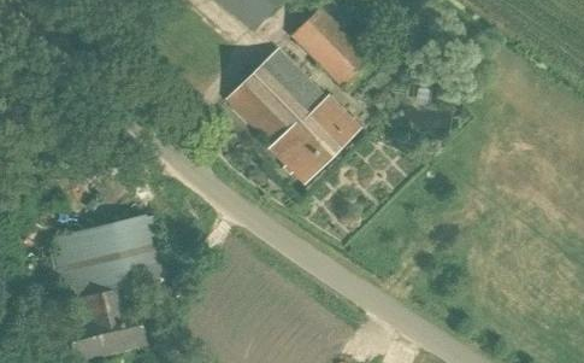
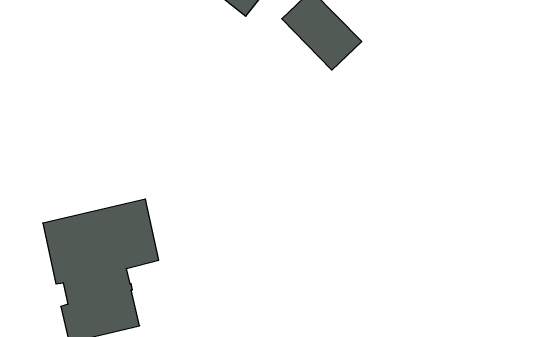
building: [224,45,360,182] -> none

